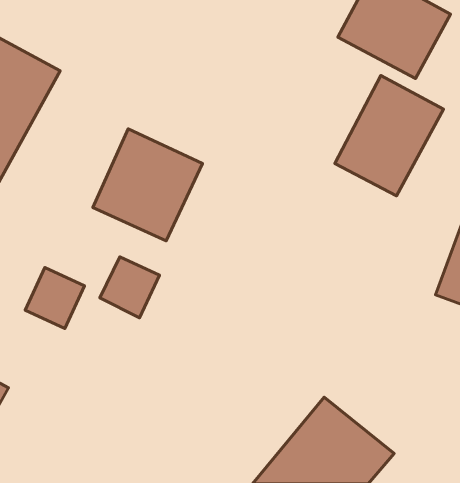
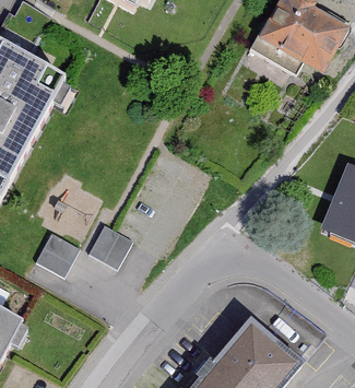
building: [335,75,443,196] -> none
building: [93,129,202,241] -> none

